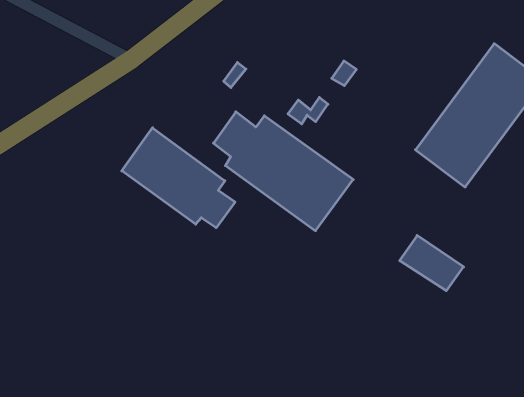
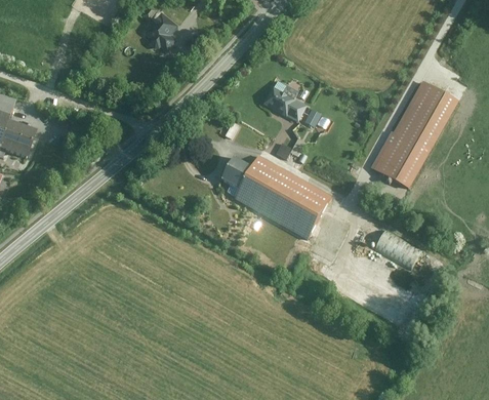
building: none -> [261,85,294,115]
building: [122,128,235,228] -> none

